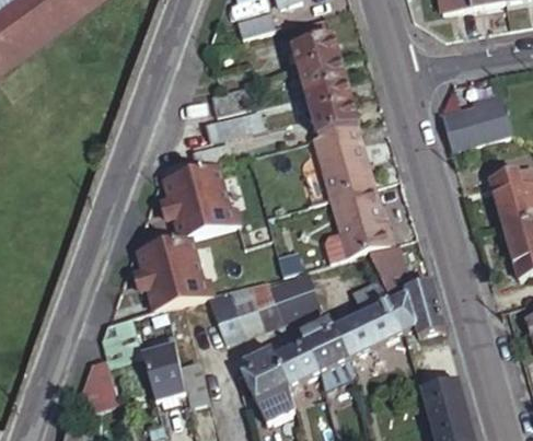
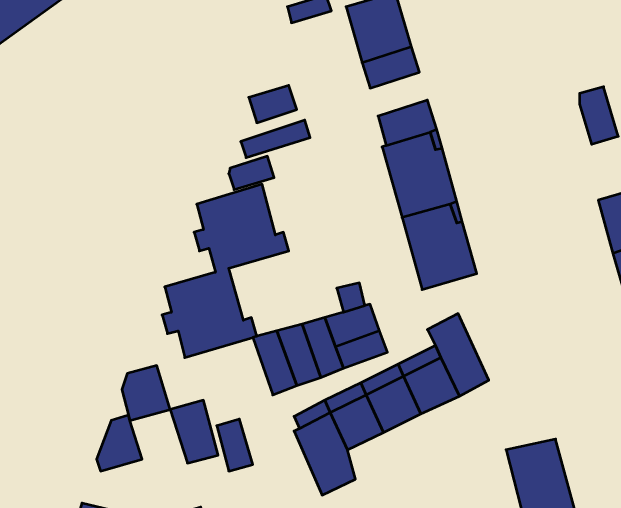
building: [305,80,352,116] -> none
building: [443,106,487,149] -> none
building: [368,246,443,336] -> none

